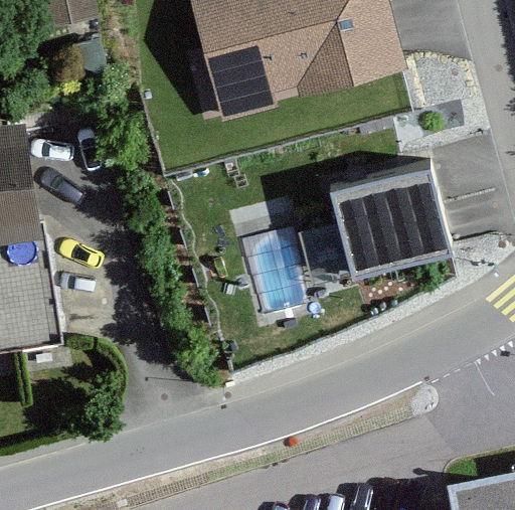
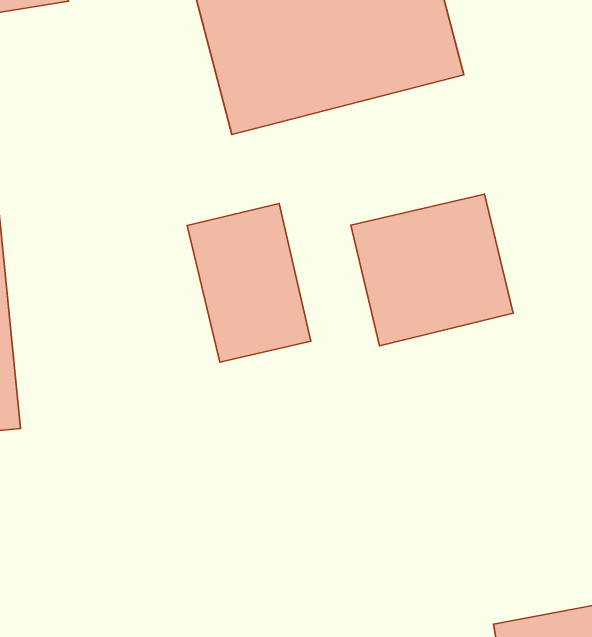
building: none -> [187,204,311,362]

